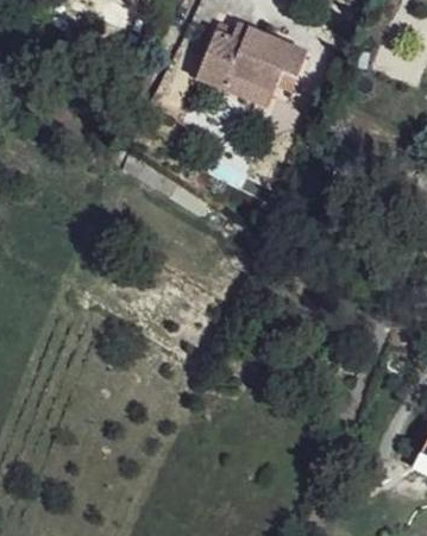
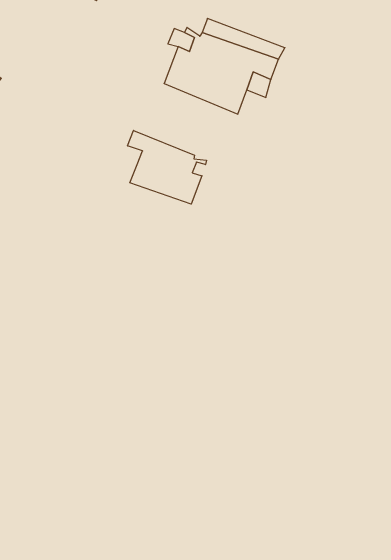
building: none -> [128,130,206,204]

